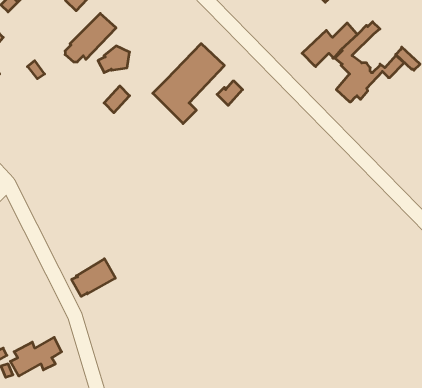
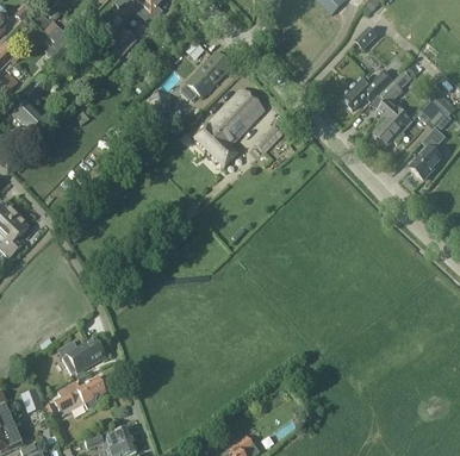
building: [65,13,116,62] -> [181,50,231,98]
building: none -> [410,125,446,177]
building: [72,259,115,296] -> [62,336,105,373]

